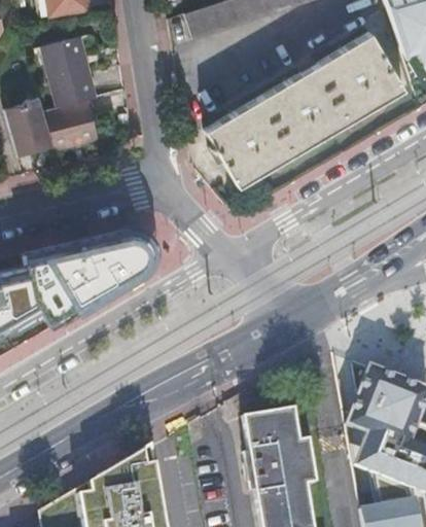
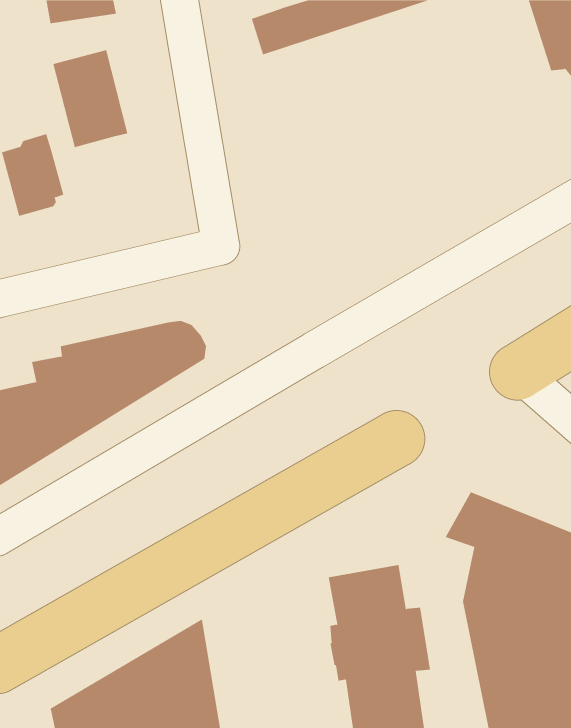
building: [207,32,404,186] -> none
building: [43,99,99,150] -> none

